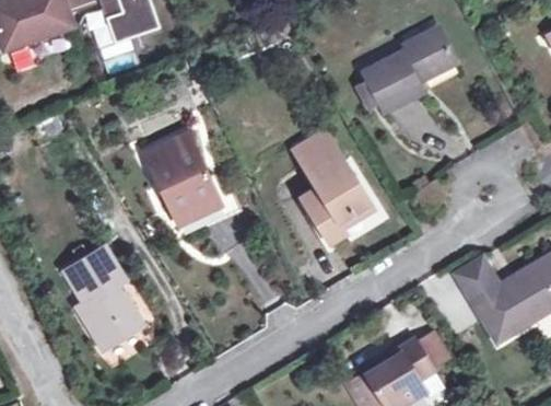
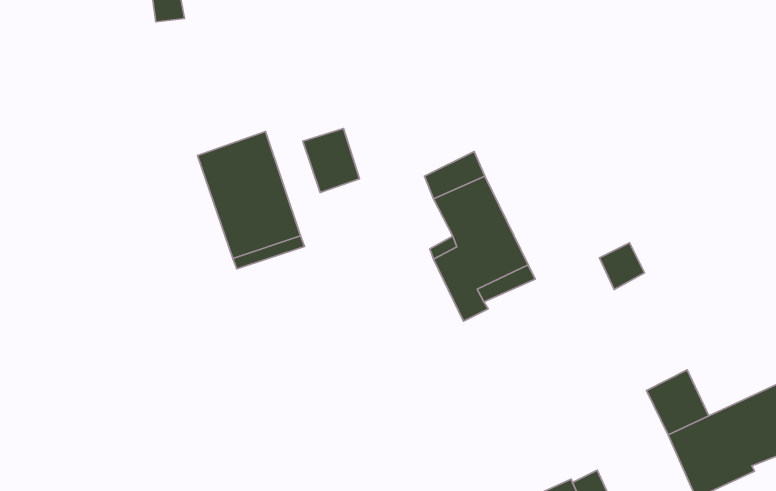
building: [364,28,454,111] -> none
building: none -> [303,129,360,193]
building: [65,247,141,350] -> none

